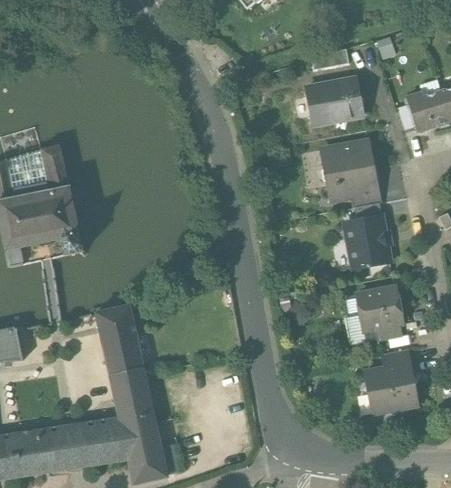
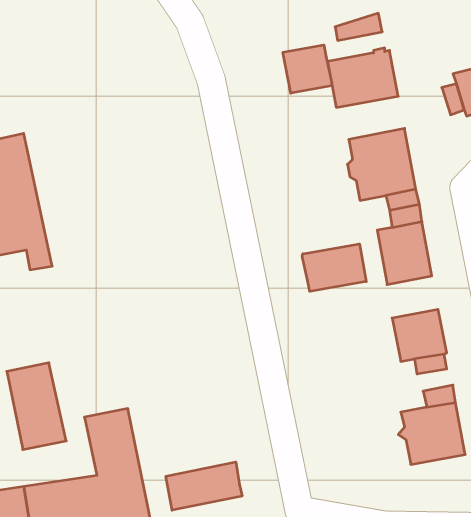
building: none -> [283,45,332,93]
building: none -> [302,244,366,291]
building: [96,304,144,374] -> [7,363,66,450]
building: none -> [166,462,242,510]

